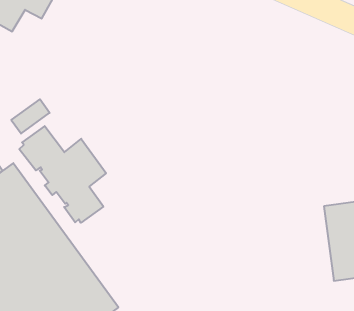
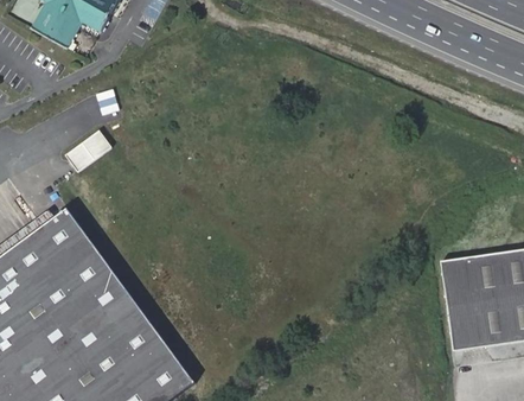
building: [19,126,106,223] -> none

